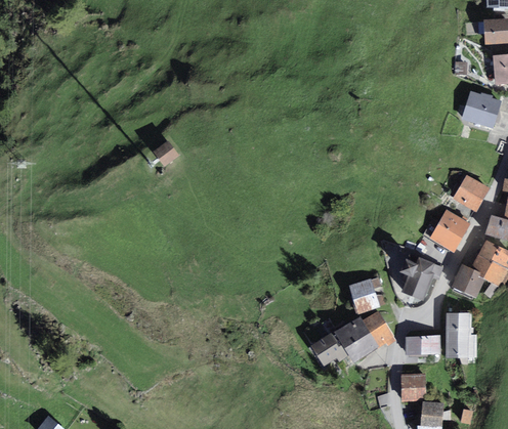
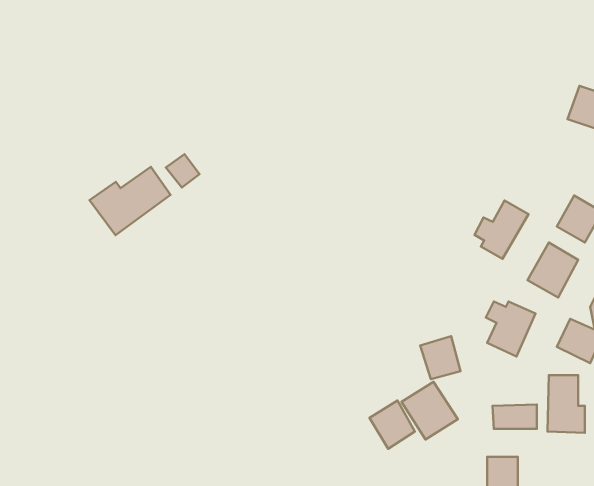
building: none -> [89,167,170,235]
building: none -> [474,201,529,259]
building: [365,310,394,344] -> none

